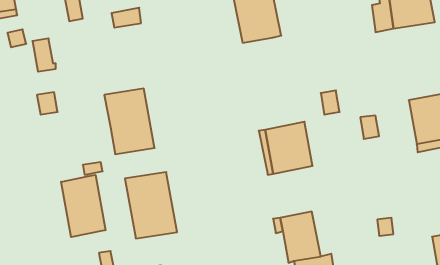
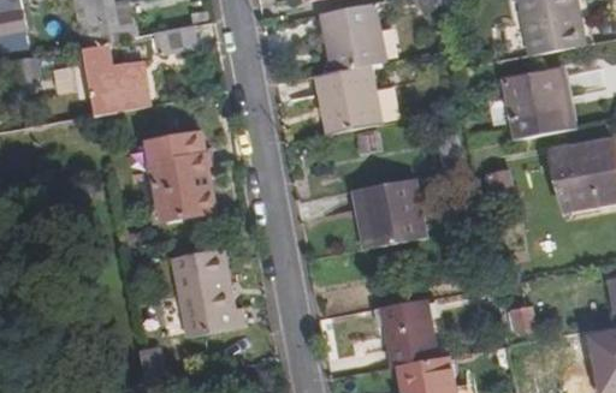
building: none -> [81,47,142,113]
building: none -> [313,64,383,135]
building: none -> [509,66,574,137]
building: [61,175,105,237] -> none

